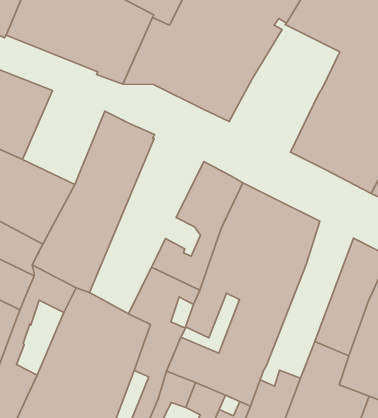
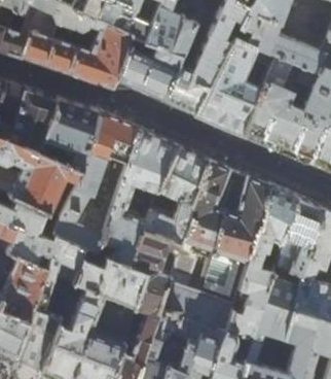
building: none -> [195,36,277,134]
building: none -> [39,98,100,169]
building: none -> [97,130,178,266]
building: none -> [235,185,296,307]

